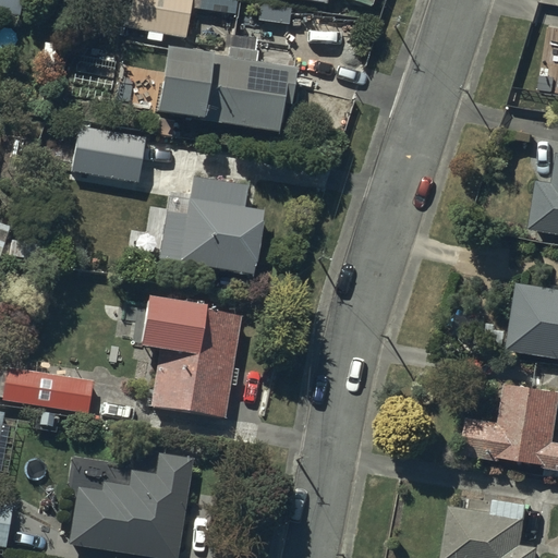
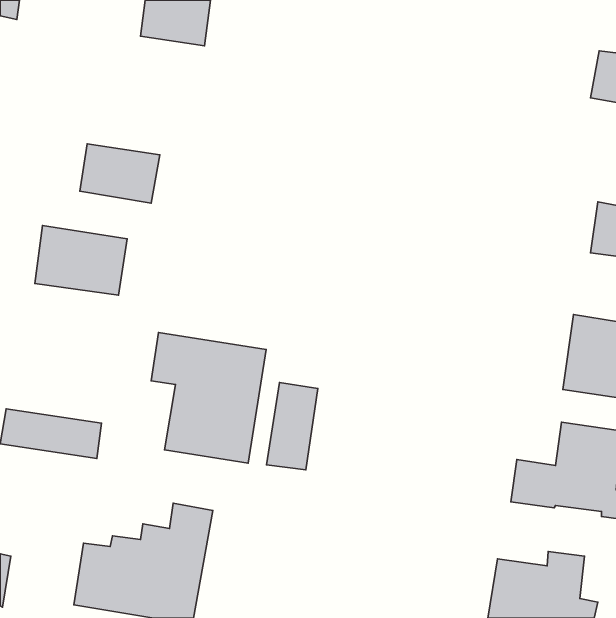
building: [155,45,298,131] -> none
building: [157,177,264,276] -> none
building: none -> [35,226,127,295]
building: none -> [266,383,318,470]

